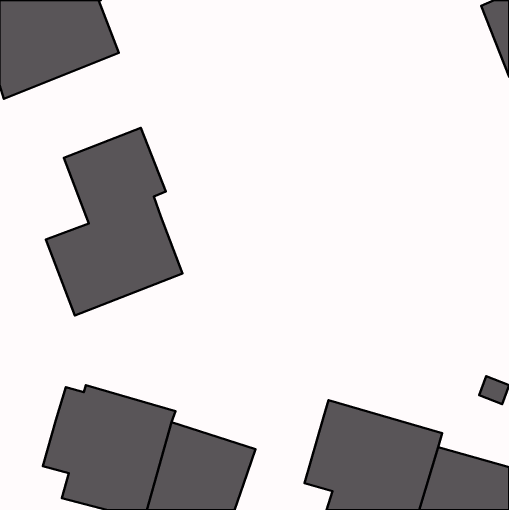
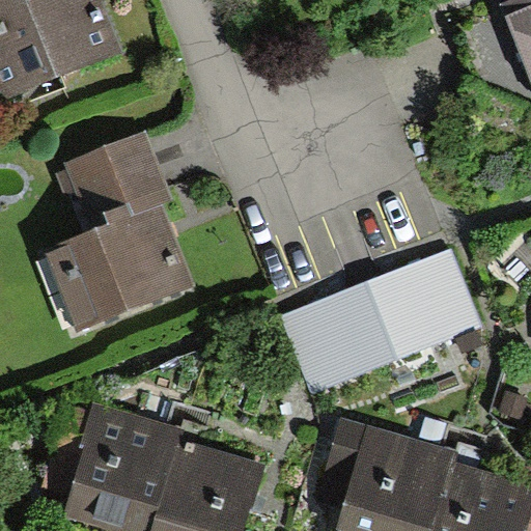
building: none -> [279,248,479,396]

